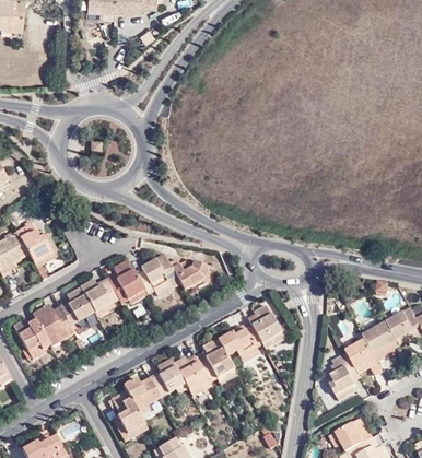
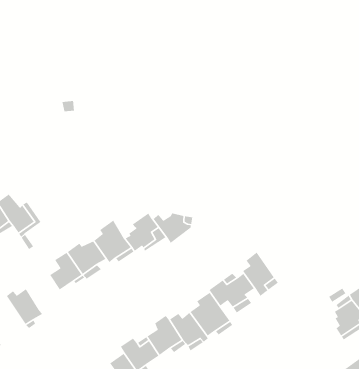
building: [33,307,74,343] -> none

